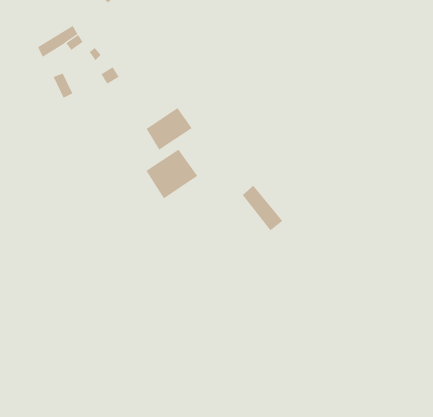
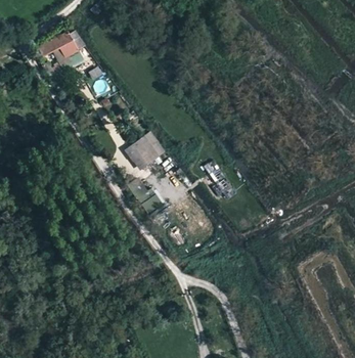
building: [146,107,192,150] -> none

